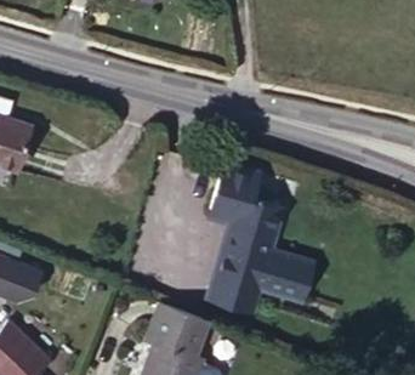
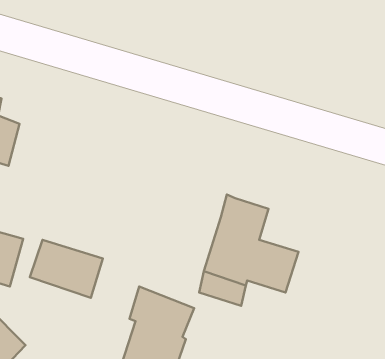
building: [220,170,261,227] -> none
building: none -> [30,240,103,298]

